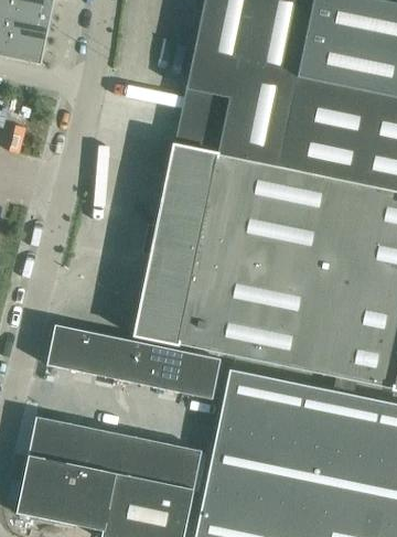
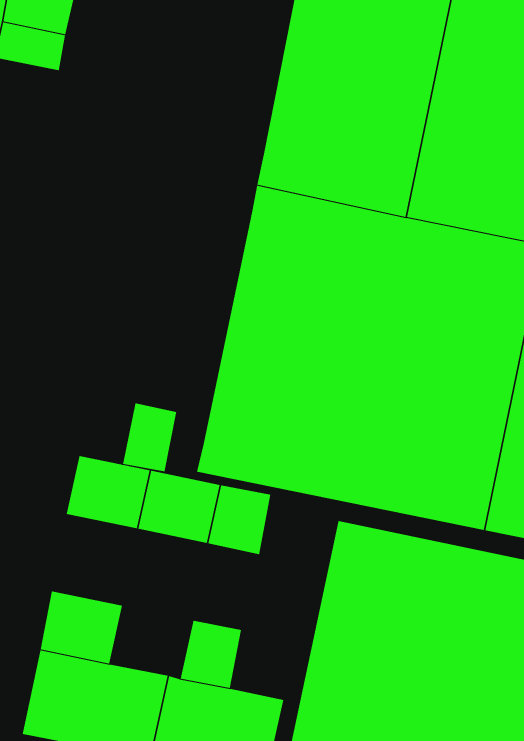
building: none -> [122,402,177,472]
building: [176,351,221,399] -> none
building: [75,426,131,475] -> none
building: [157,442,201,490] -> none

